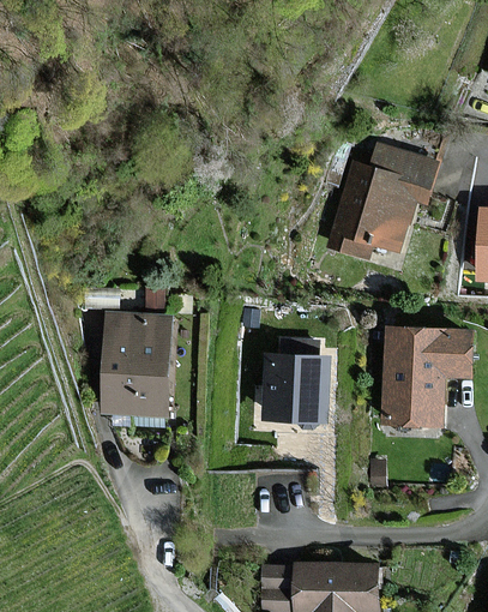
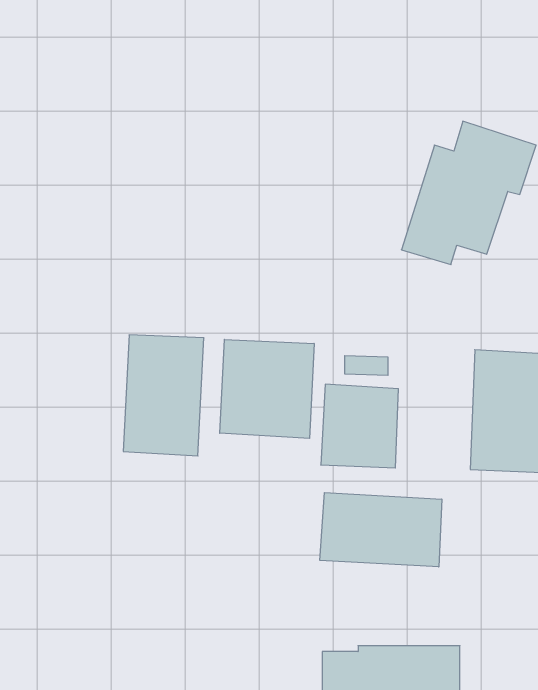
building: none -> [220,339,314,438]
building: none -> [320,493,442,567]

